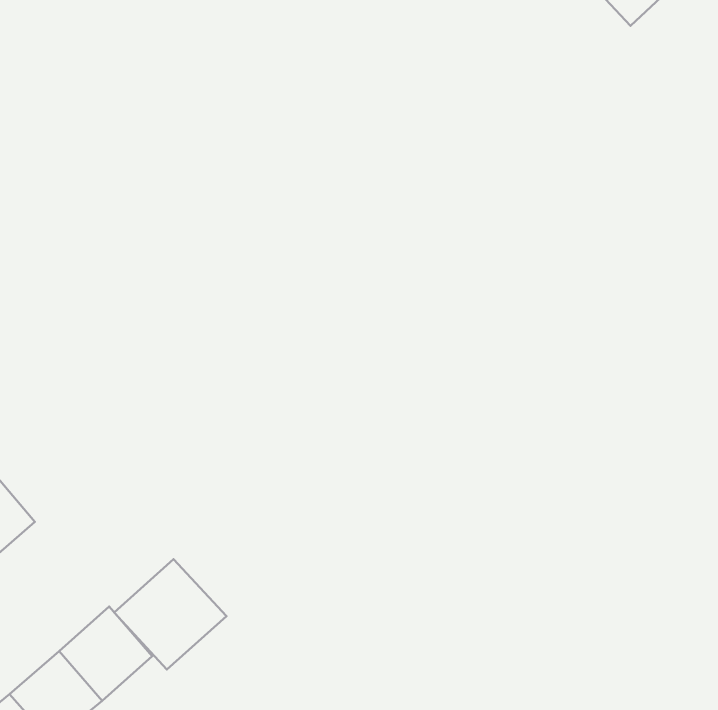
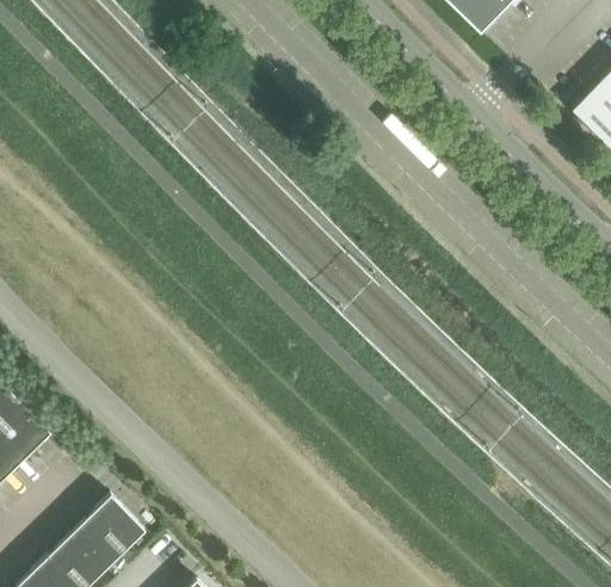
building: [114,559,226,669] -> none

